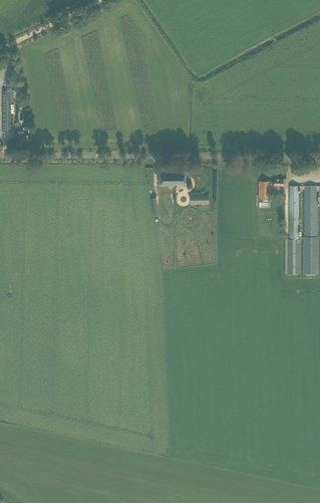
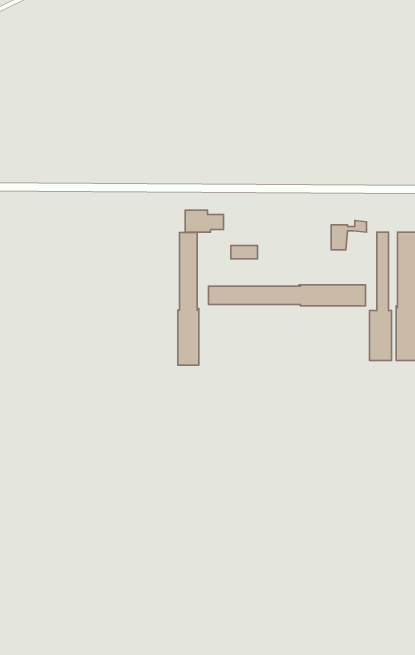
building: none -> [178,232,199,365]
building: none -> [208,285,366,306]

